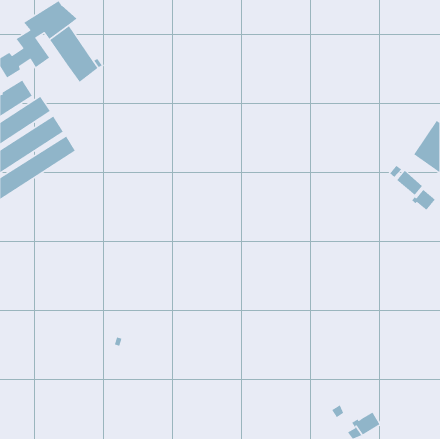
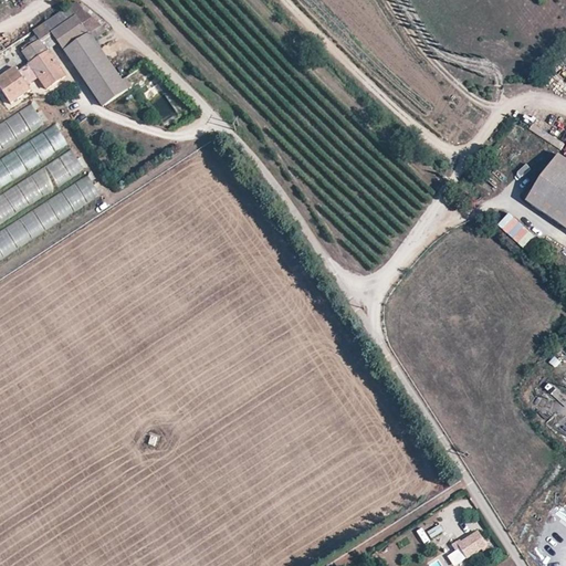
building: [411,189,436,211] -> none

